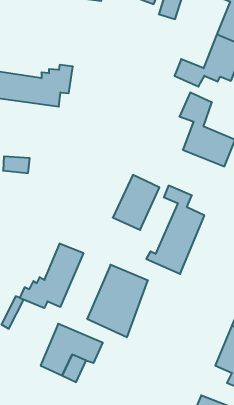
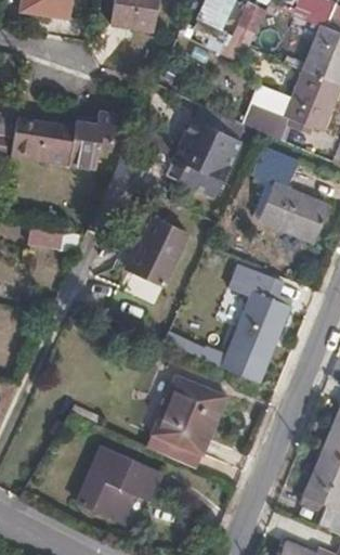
building: none -> [172,115,244,195]
building: [113,175,159,230] -> [126,212,186,284]
building: [20,243,83,308] -> none

